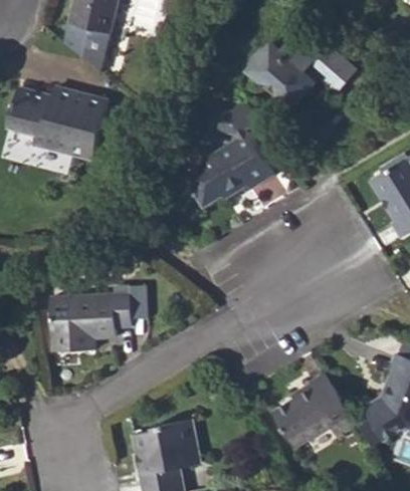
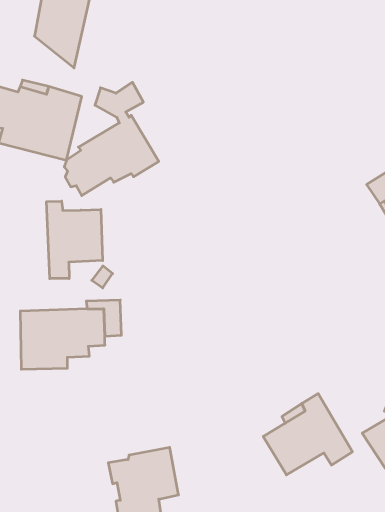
building: [248,38,355,108] -> none
building: [187,102,273,206] -> [64,82,159,196]
building: none -> [47,201,103,279]

